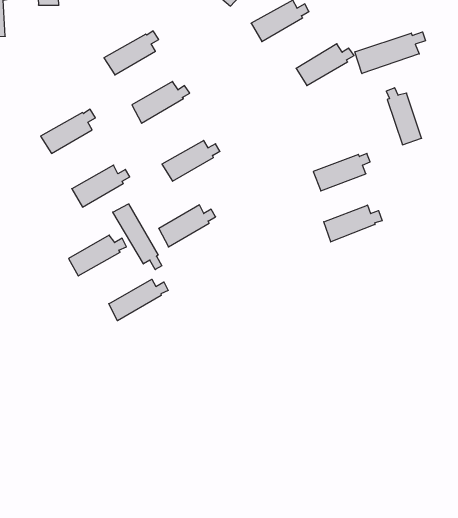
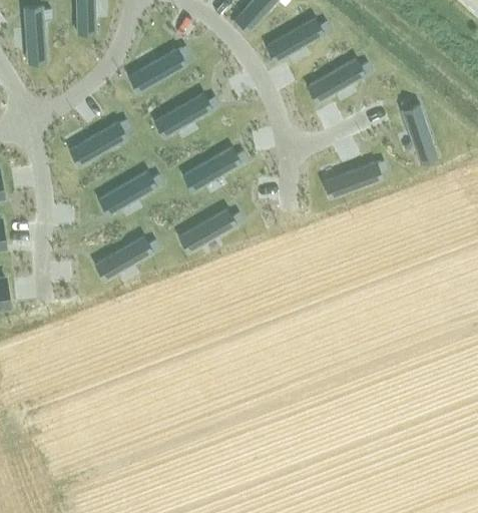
building: [355,32,426,74] -> none
building: [113,204,162,270] -> none
building: [324,205,382,242] -> none
building: [109,279,168,321] -> none

